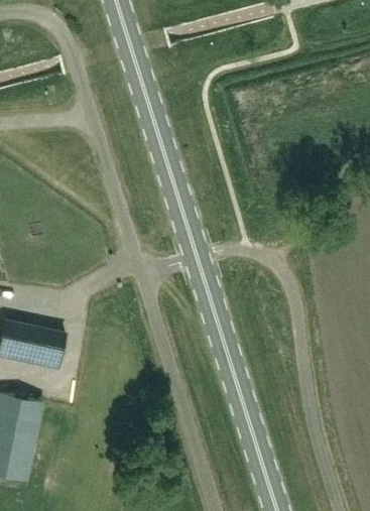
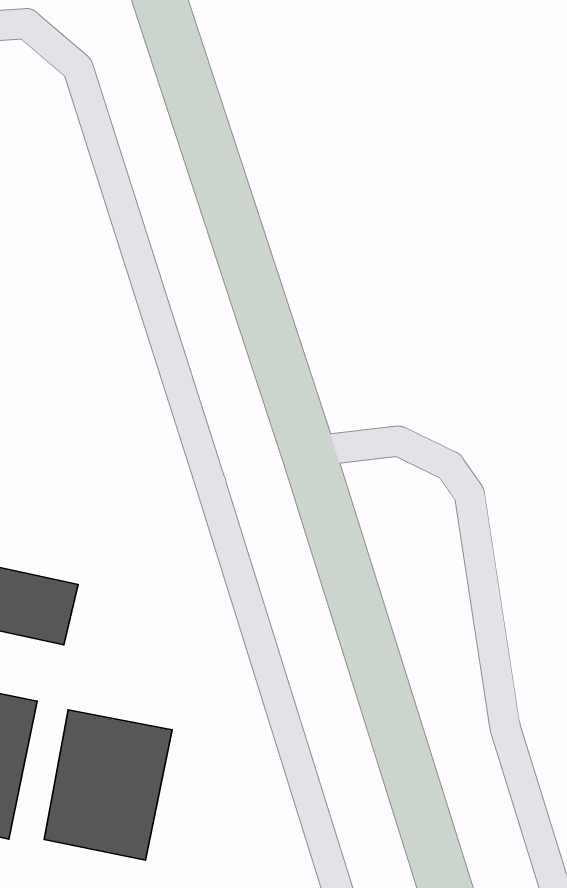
building: none -> [44,710,172,860]

